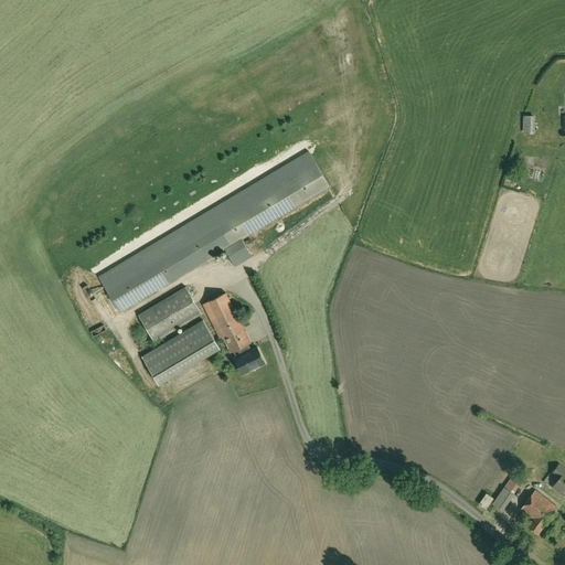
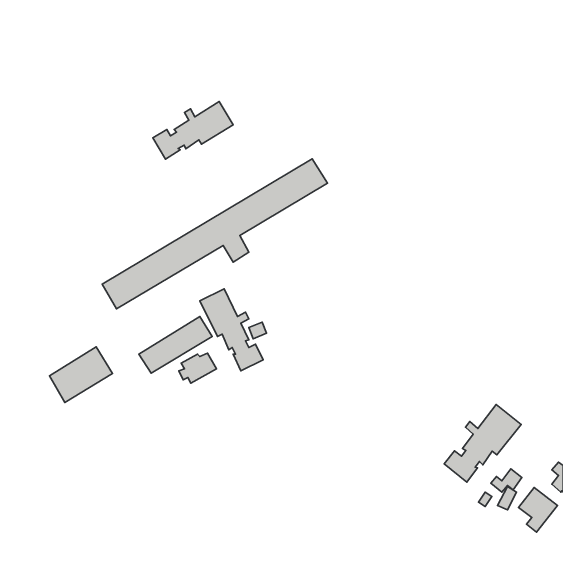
building: none -> [153,101,233,159]
building: [135,281,198,337] -> [49,347,113,402]
building: none -> [444,405,521,482]

